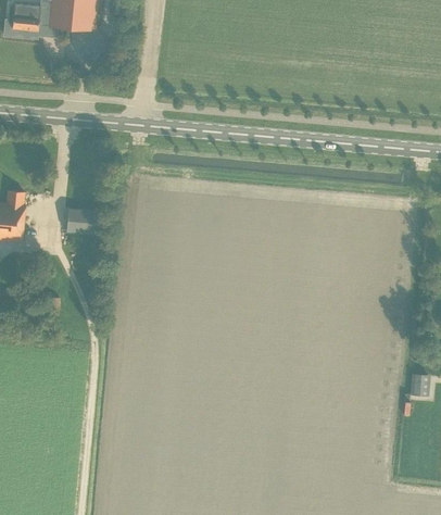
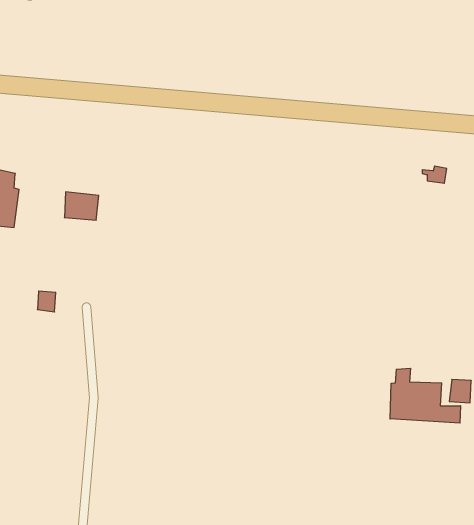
building: none -> [390,368,460,423]

